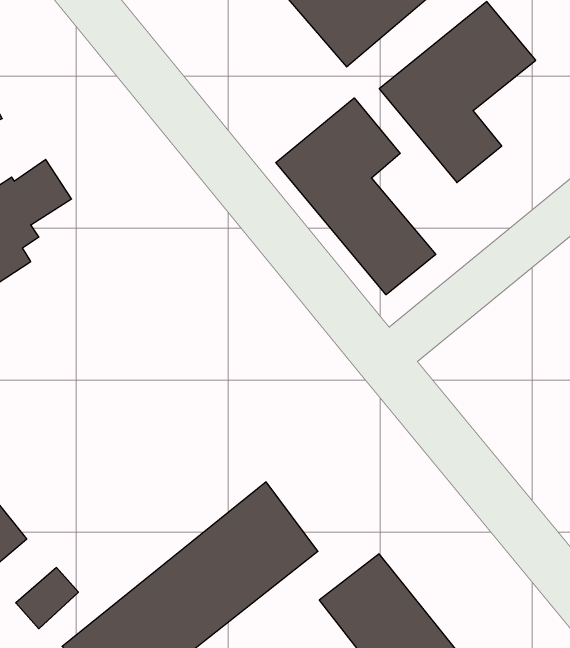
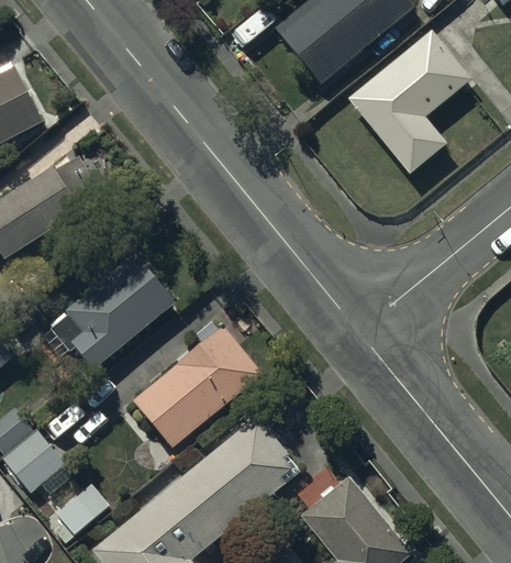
building: [276,98,436,295] -> none
building: none -> [53,256,171,367]
building: none -> [131,327,260,449]

